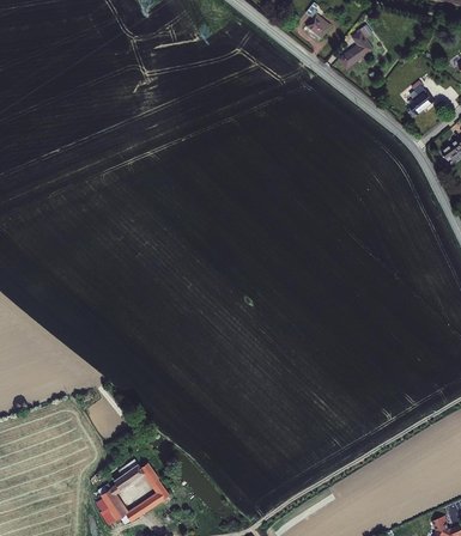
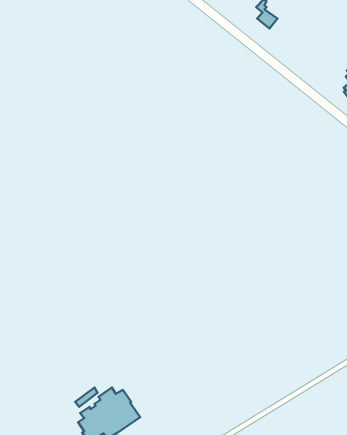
building: [340,26,374,68] -> none

